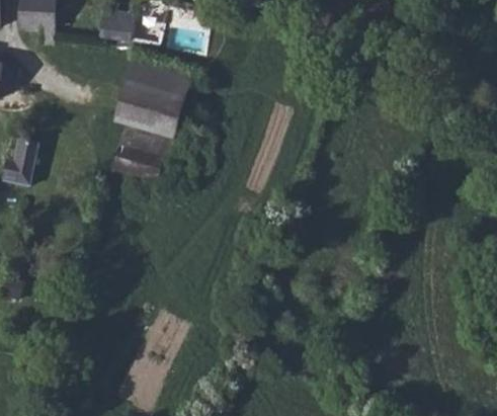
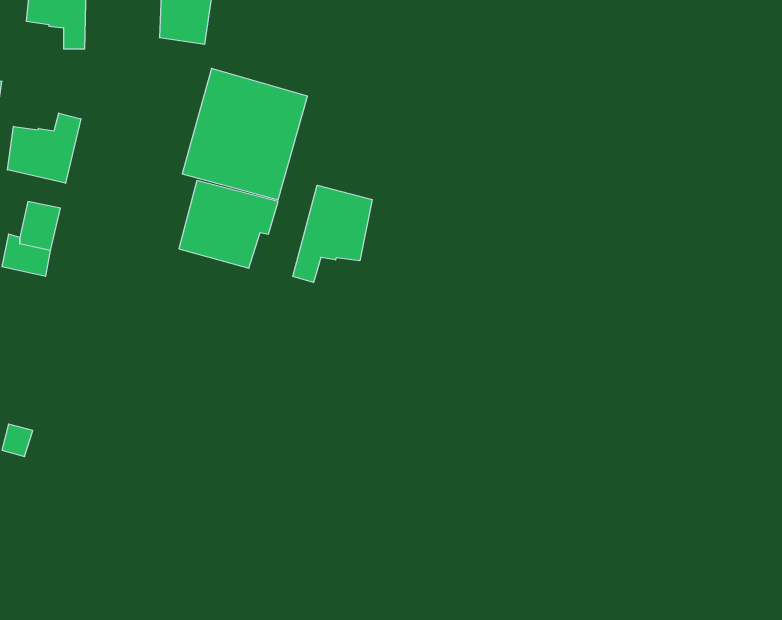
building: none -> [7,113,81,183]
building: none -> [293,185,372,283]

